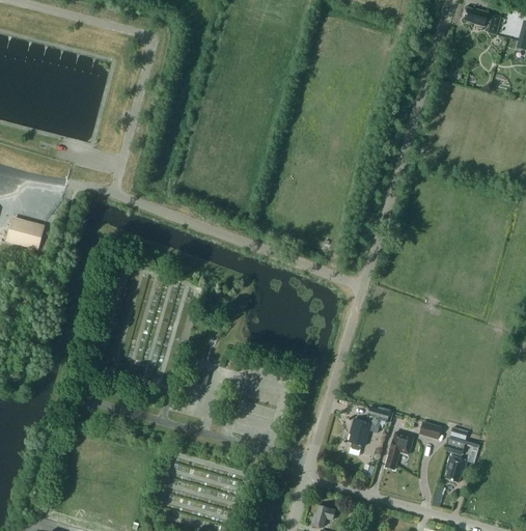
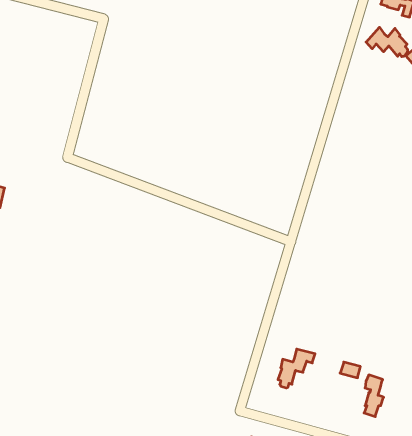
building: none -> [366,27,407,57]
building: [384,432,412,470] -> none

